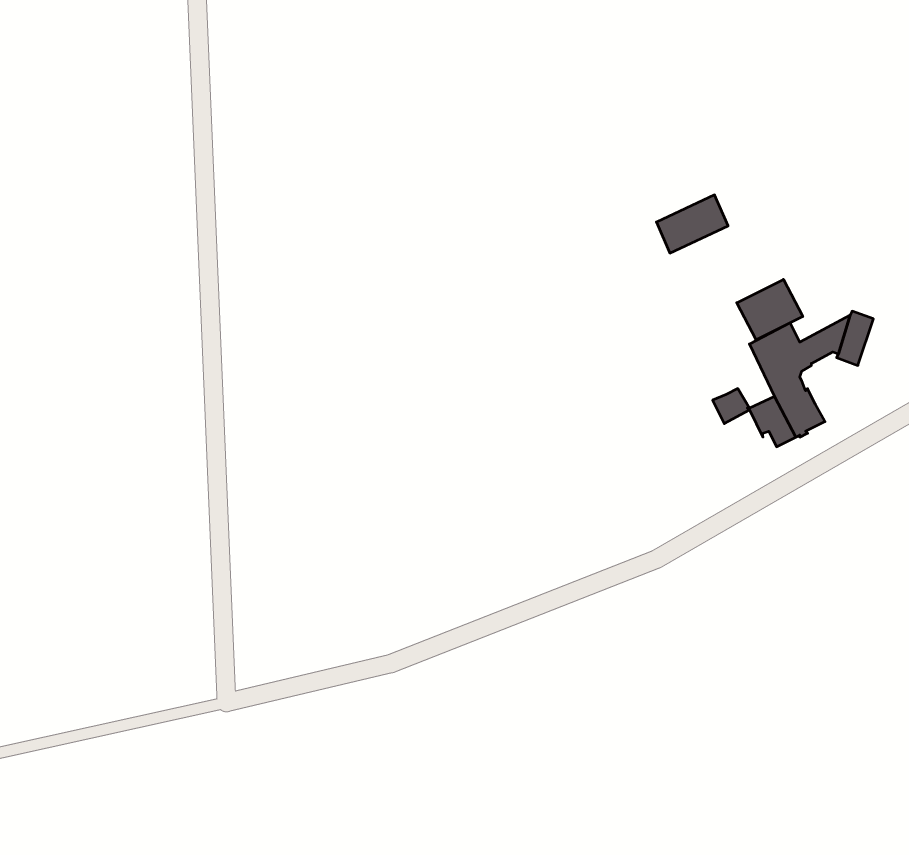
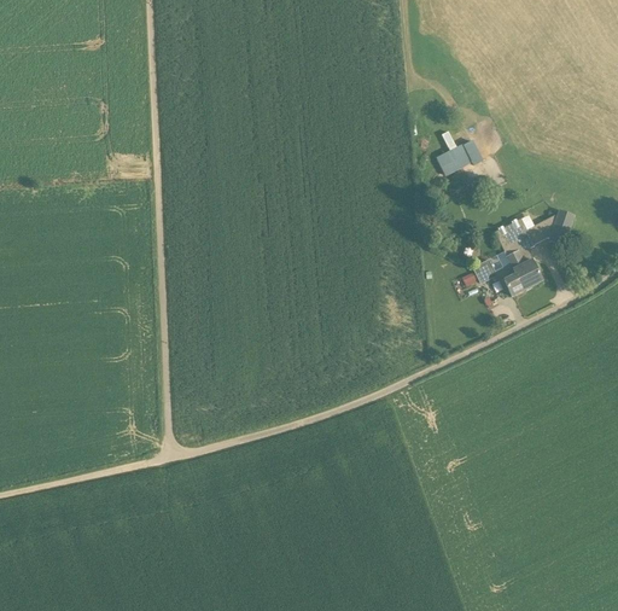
building: [737,279,803,340] -> none

